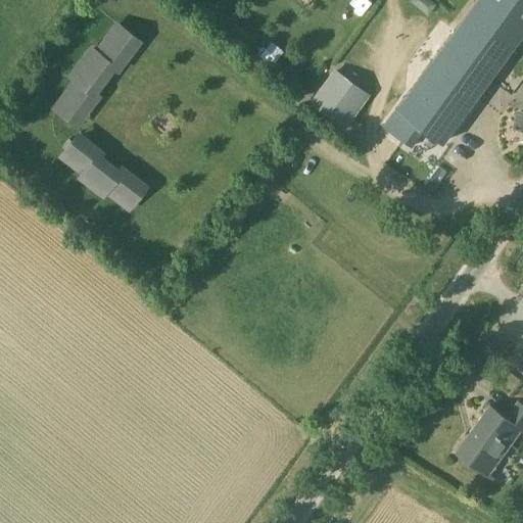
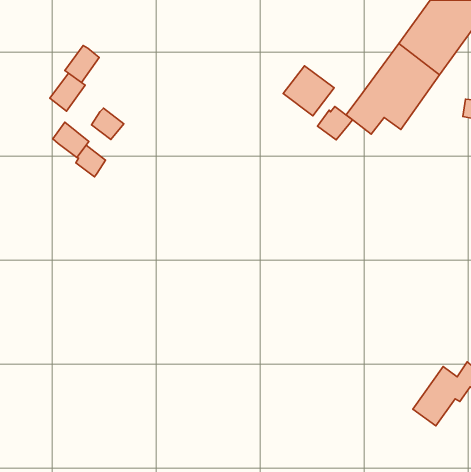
building: [99,27,138,68] -> none
building: none -> [318,107,353,140]
building: [109,174,145,208] -> [92,108,124,140]

